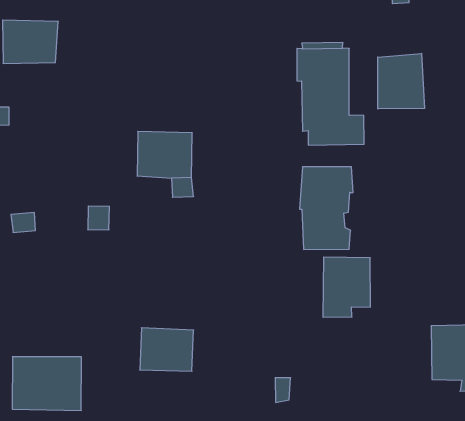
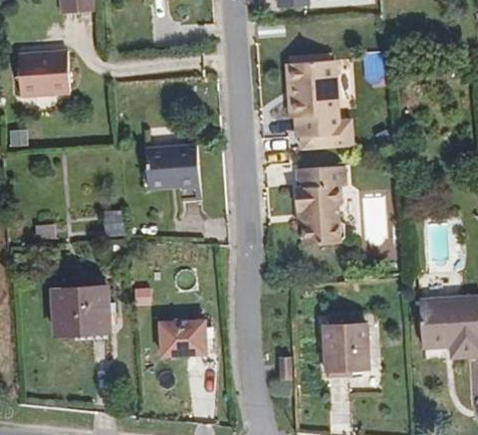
building: [378,53,425,109] -> none
building: [323,257,370,317] -> [323,323,369,380]
building: [12,357,81,410] -> [50,286,115,338]

